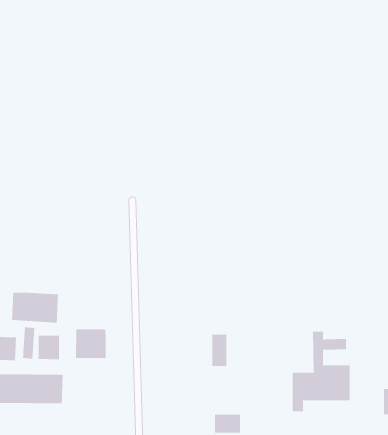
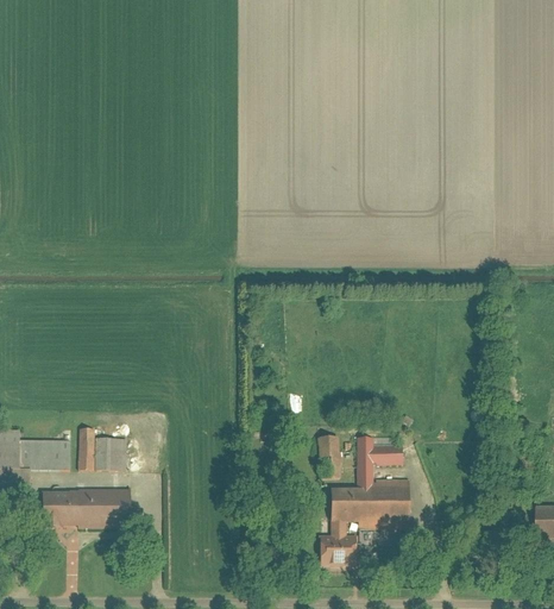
building: [11,292,59,323] -> none
building: [75,329,106,359] -> none
building: [292,331,351,412] -> [333,433,409,538]

